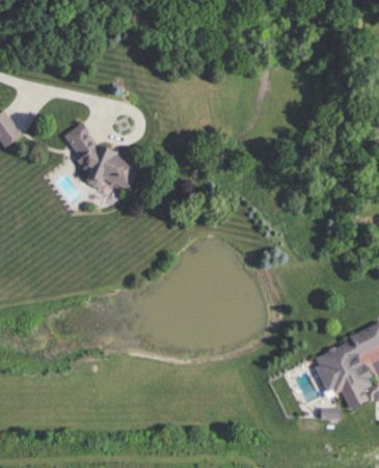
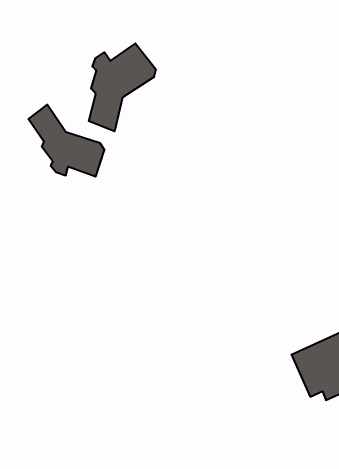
building: none -> [89,43,156,131]

